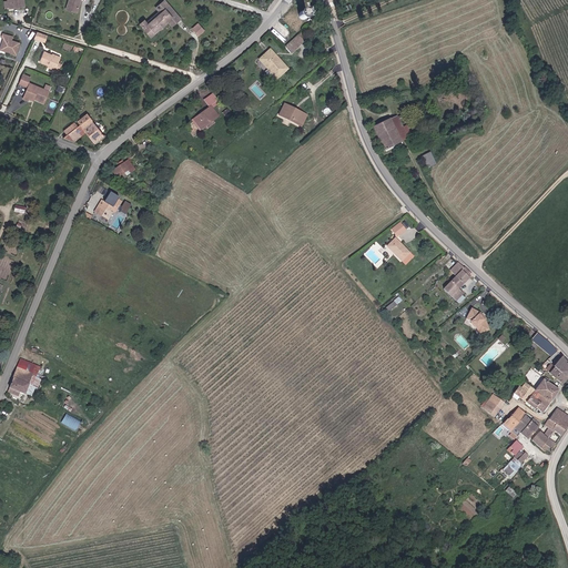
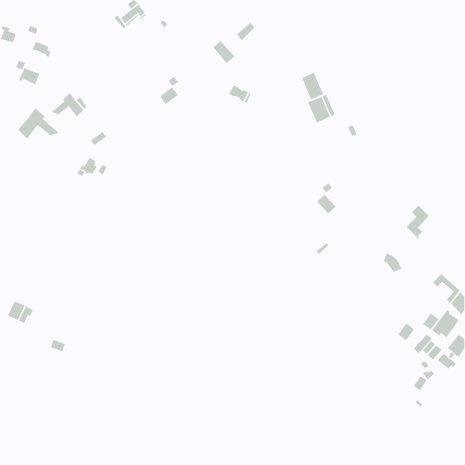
building: none -> [302,72,324,100]
building: none -> [18,107,60,140]
building: [443,261,471,303] -> [406,205,429,240]

